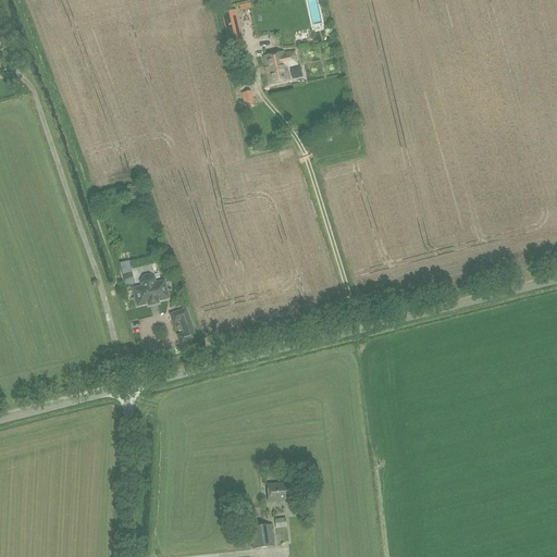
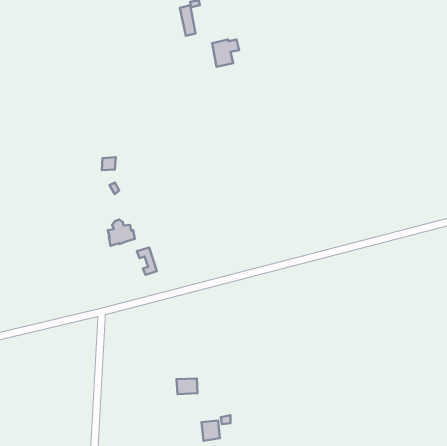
building: [268,480,294,499] -> [177,378,198,394]

